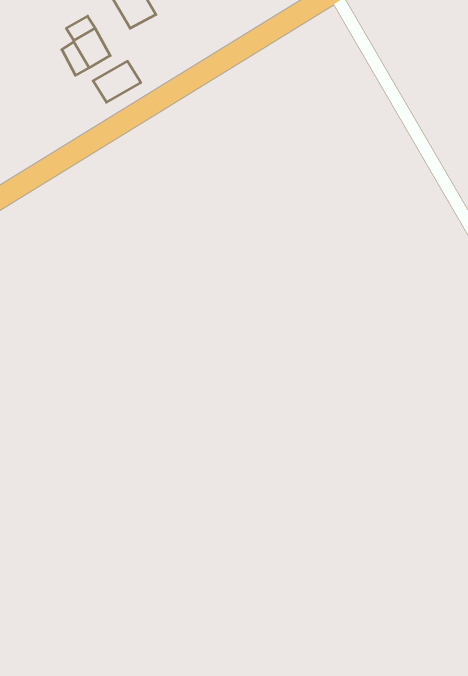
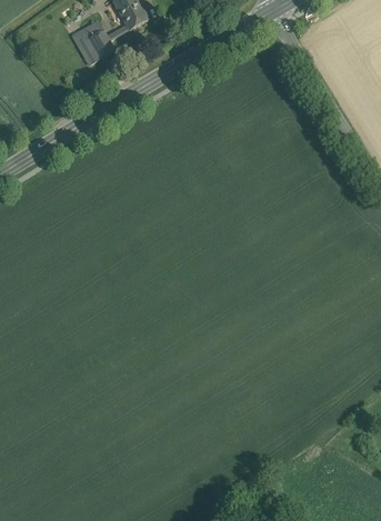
building: [93,61,141,102] -> none

